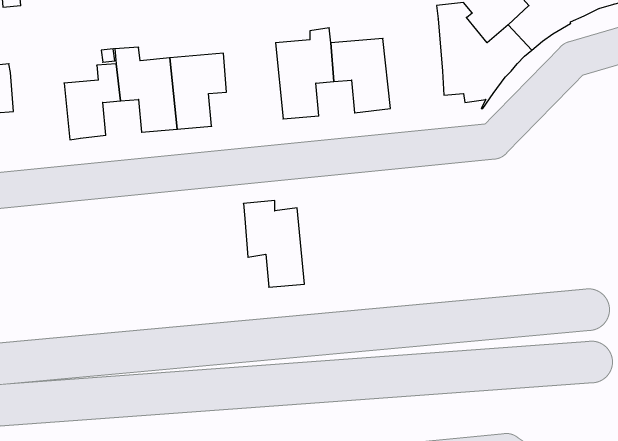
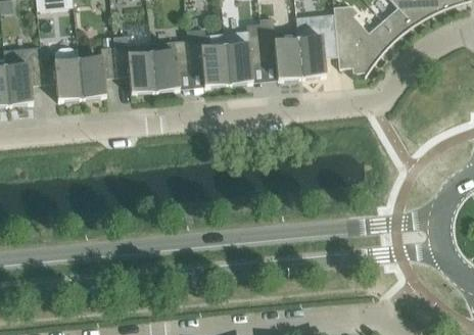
building: none -> [295,16,337,78]
building: none -> [41,47,82,101]
building: [243,201,304,287] -> [186,28,228,87]

